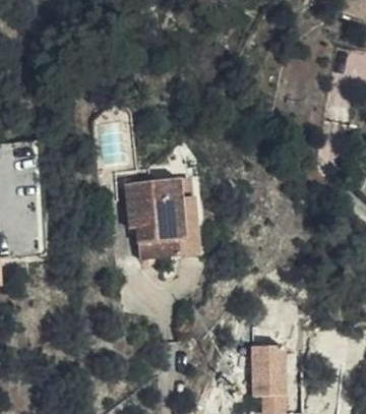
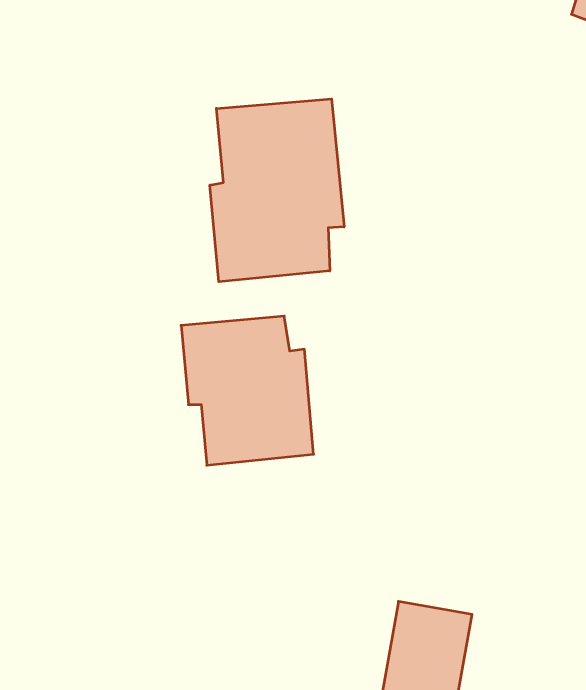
building: none -> [210,99,344,282]

